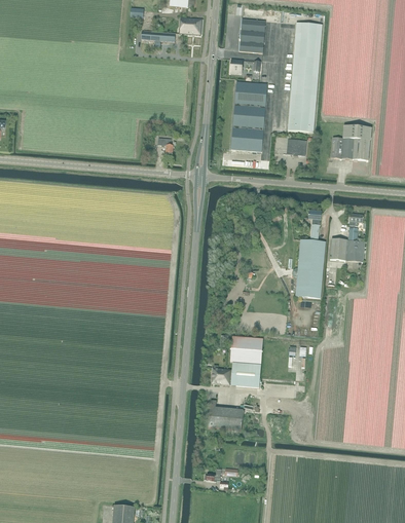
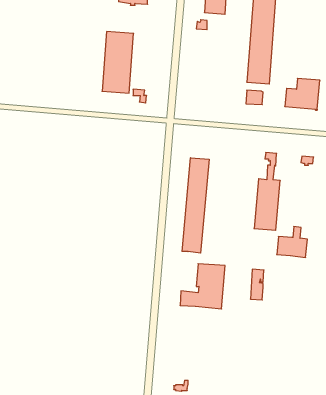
building: [231,81,267,151] -> [102,32,134,93]
building: none -> [182,158,209,253]
building: [330,227,365,262] -> [277,227,307,257]
building: [209,400,244,429] -> none

